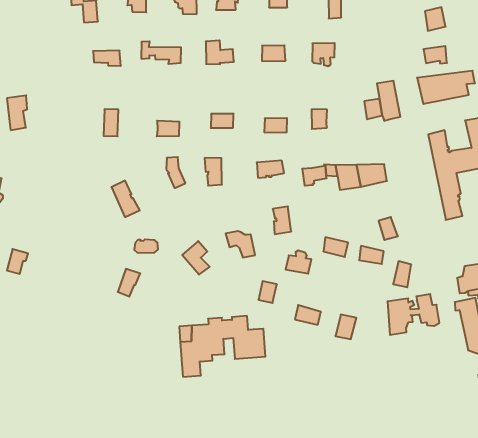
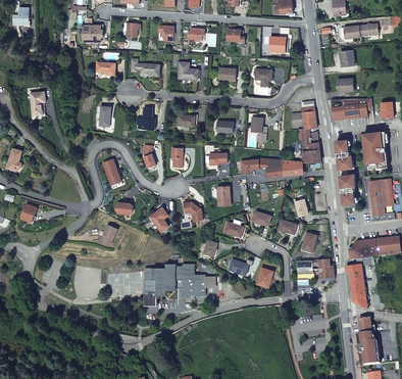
building: none -> [300,129,320,162]

